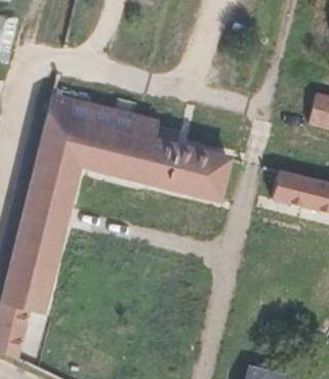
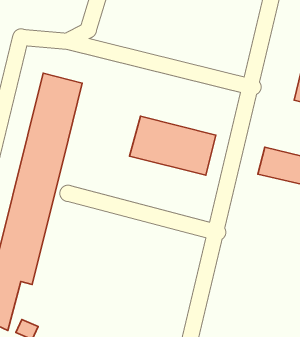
building: [80,106,158,180] -> none

